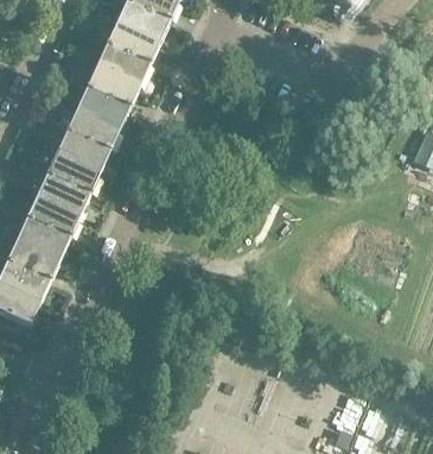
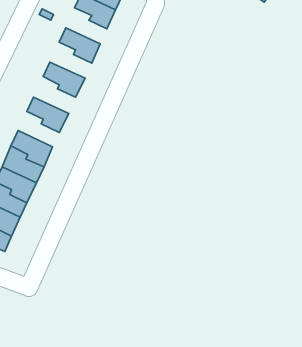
building: [106,20,157,65] -> none
building: [85,63,138,108] -> none
building: [65,106,117,152] -> none
building: [46,150,97,194] -> none

